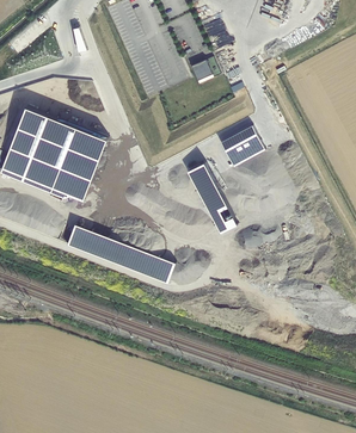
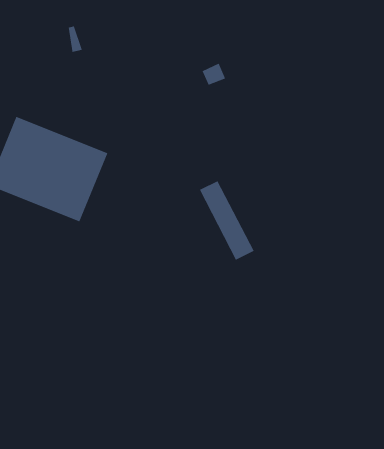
building: [220,125,264,166] -> none
building: [66,225,174,284] -> none

